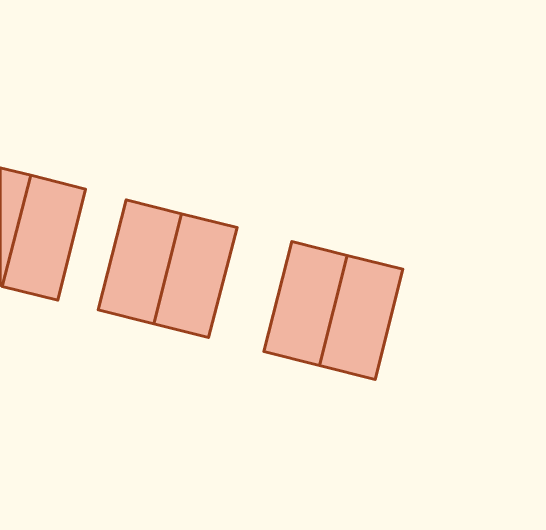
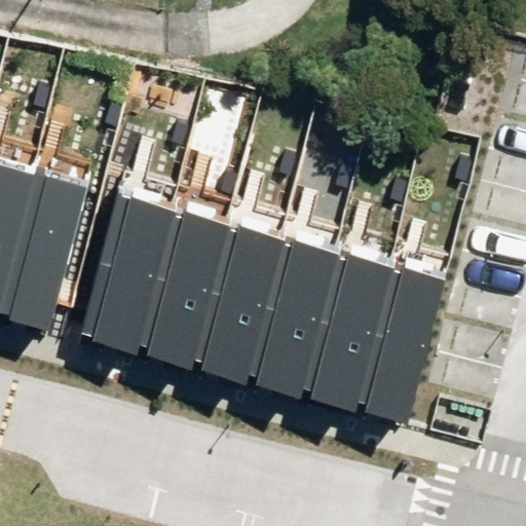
building: none -> [200,234,280,353]
building: none -> [361,274,441,393]

